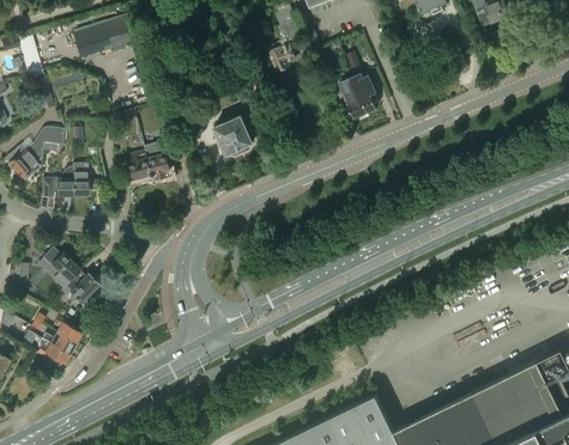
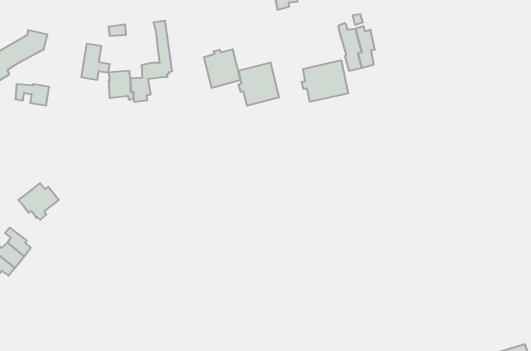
building: none -> [302,60,348,102]
building: none -> [239,62,279,106]
building: [73,166,98,199] -> [81,44,110,80]
building: [43,254,80,289] -> none

